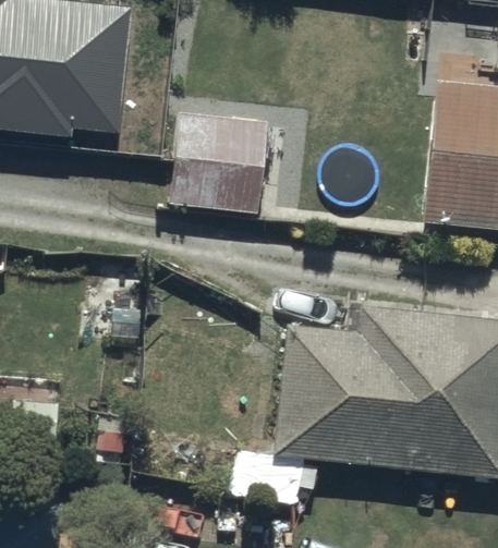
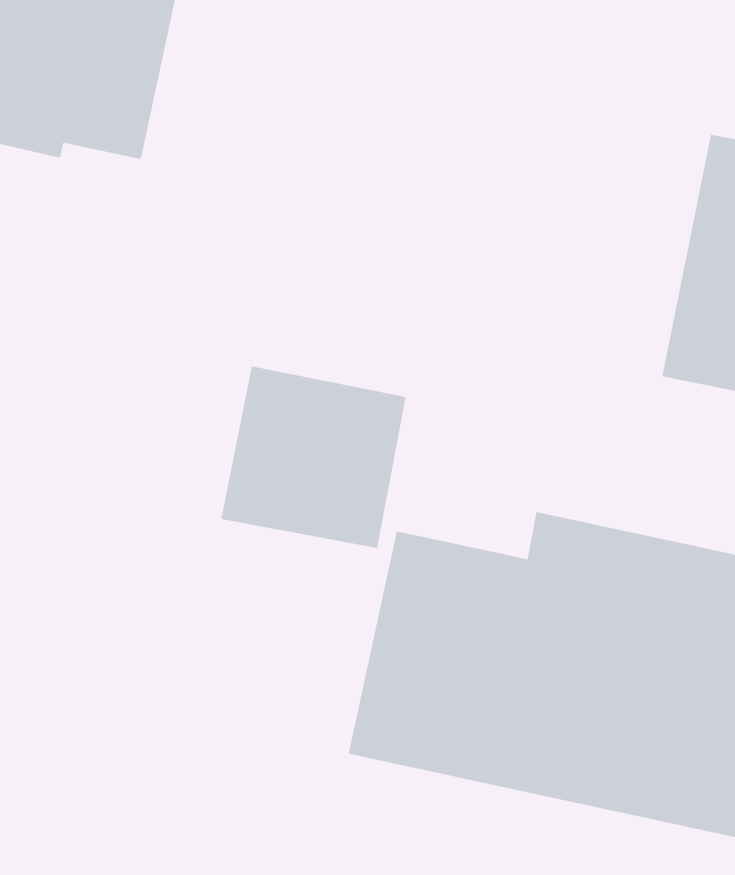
building: [170,115,267,210] -> [220,366,407,548]

